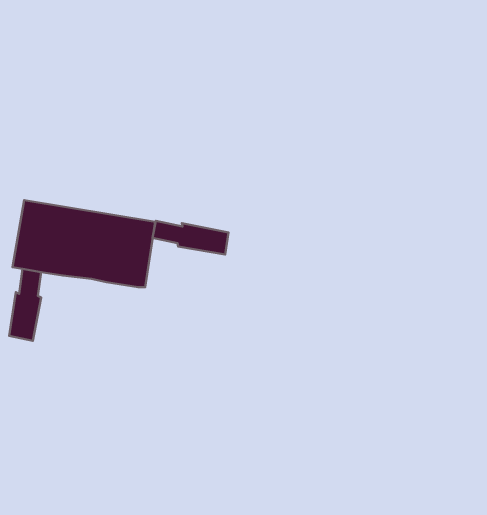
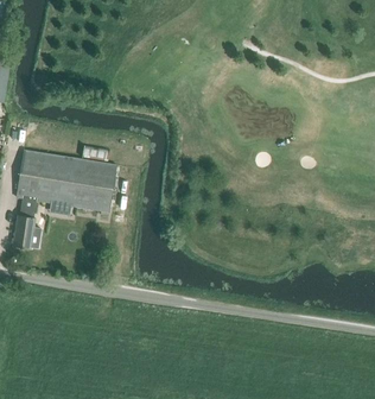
building: [153,221,228,254] -> none

